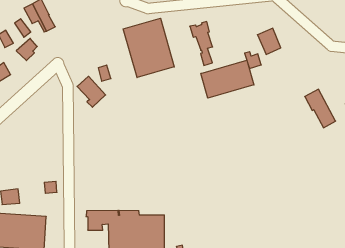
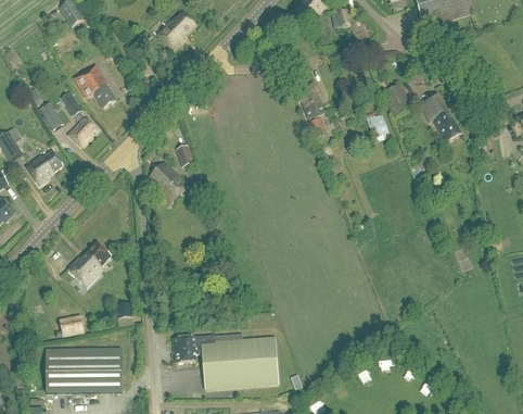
building: [123,18,174,78] -> none
building: [201,60,254,98] -> none
building: [305,89,336,128] -> [419,93,461,143]
building: none -> [67,242,111,287]

